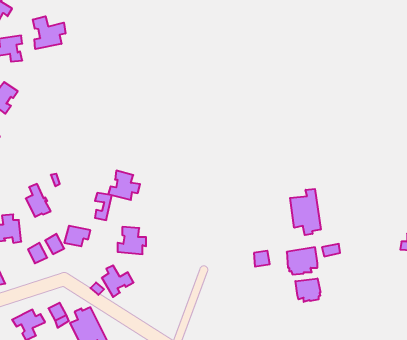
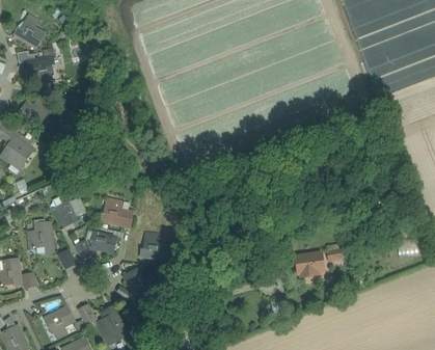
building: [33,16,65,49] -> none
building: [108,171,140,200] -> [99,197,128,224]
building: [290,189,321,235] -> none
building: [295,278,320,302] -> none

